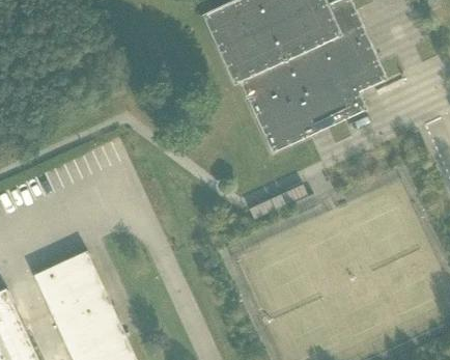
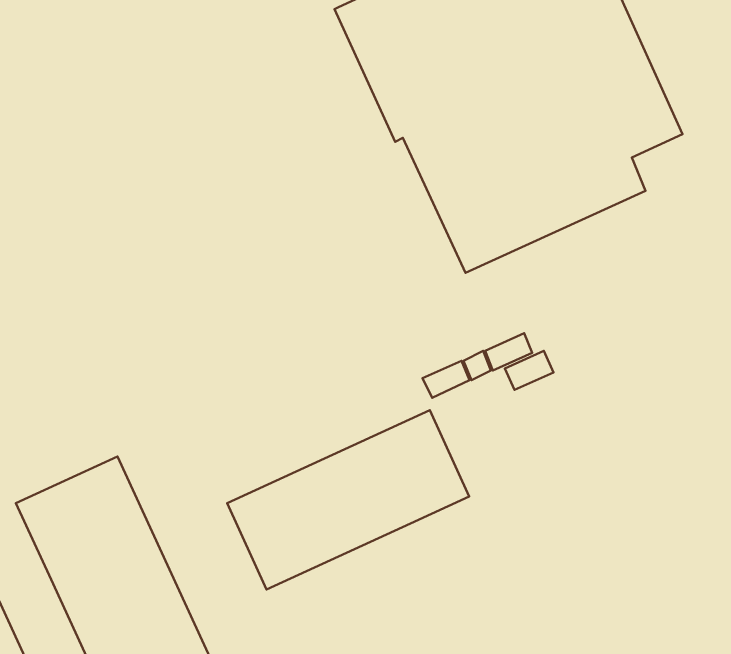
building: none -> [227,410,469,590]

